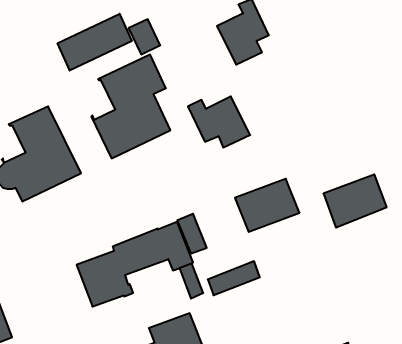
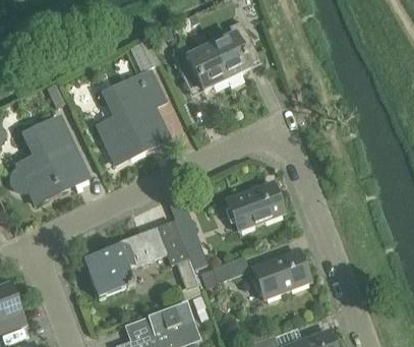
building: [58,14,132,71] -> none
building: [188,96,250,147] -> [171,44,227,90]
building: [323,174,387,228] -> [252,250,309,298]

